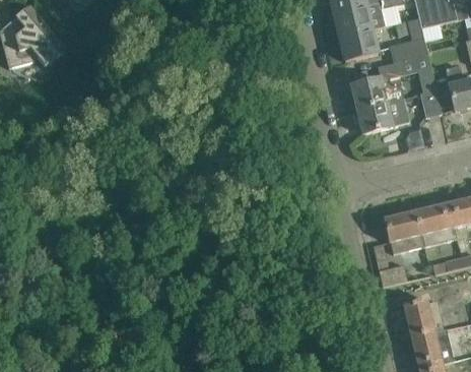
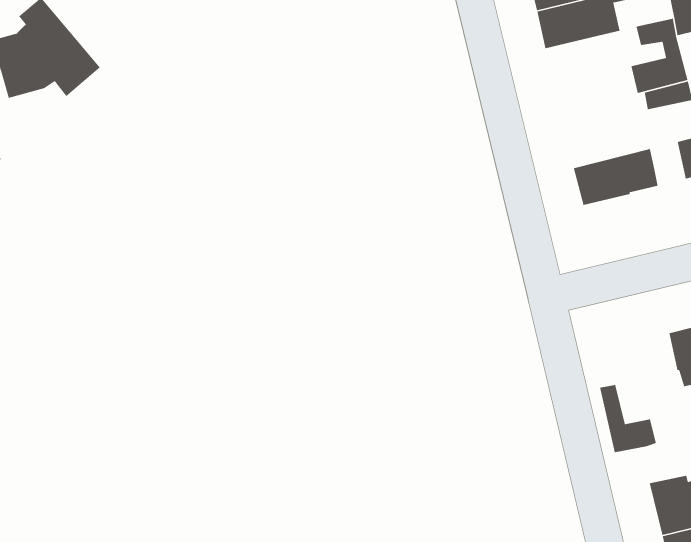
building: [339,28,379,61] -> none
building: [351,75,404,110] -> none
building: [384,211,424,253] -> none

